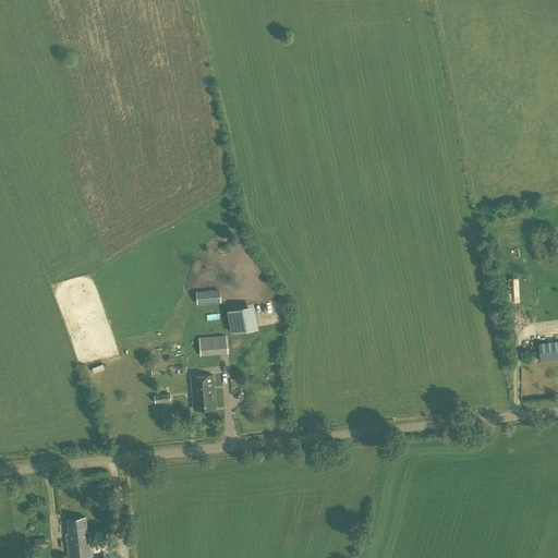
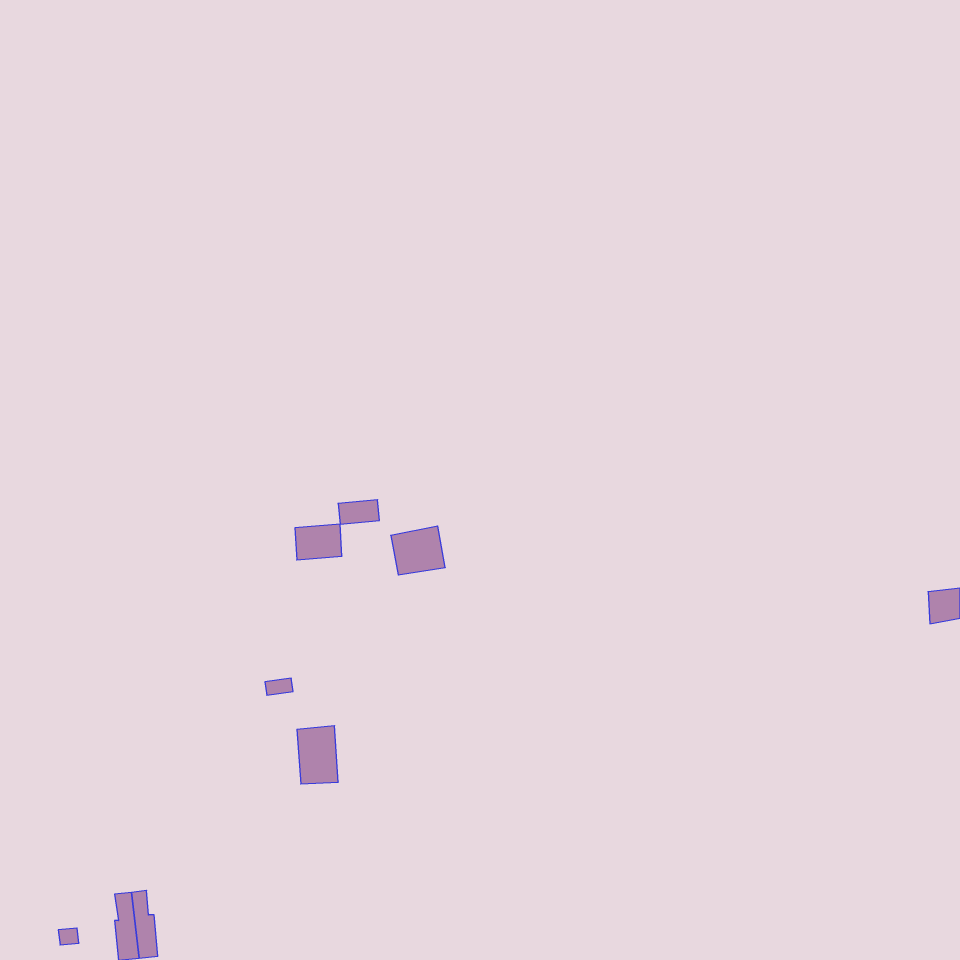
building: [199,336,227,356] -> [295,524,342,560]
building: [192,376,216,410] -> [297,726,338,784]

